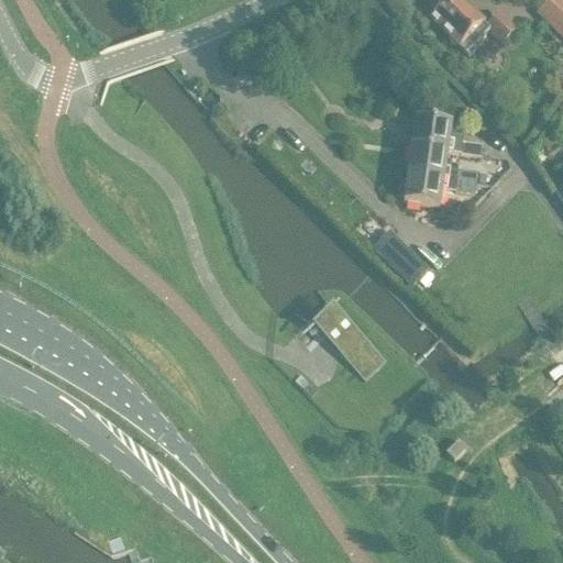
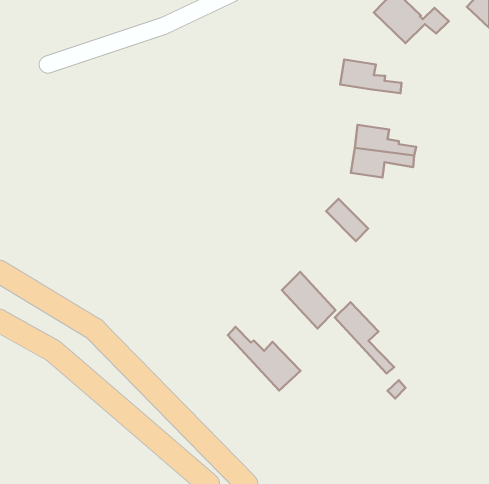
building: [410,114,481,153] -> [340,60,402,93]
building: none -> [335,302,394,374]
building: none -> [228,327,301,391]

